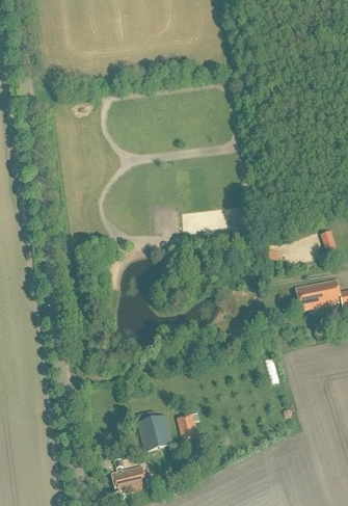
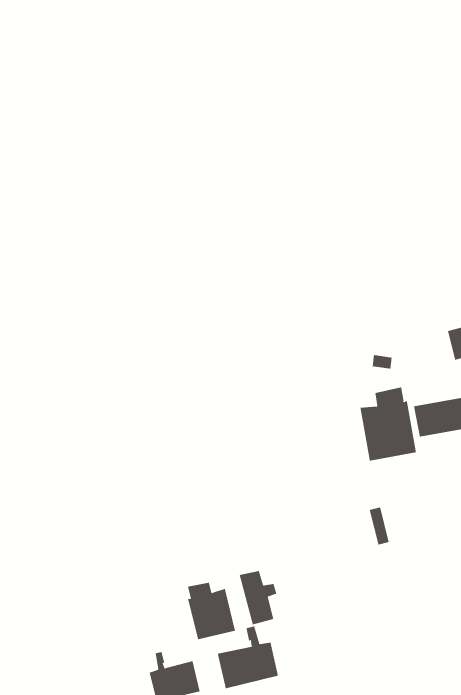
building: none -> [360,386,416,462]
building: none -> [217,625,279,689]

